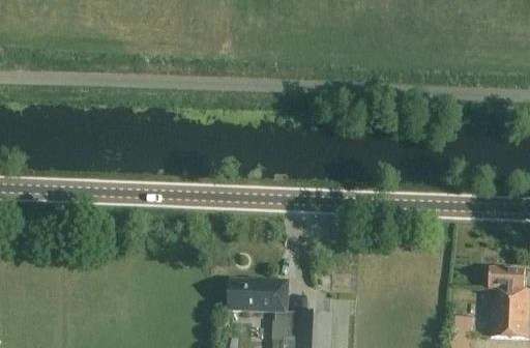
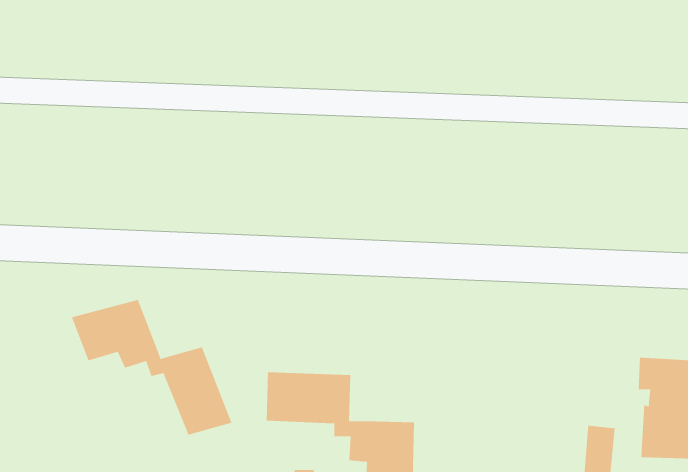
building: none -> [71,299,232,435]

